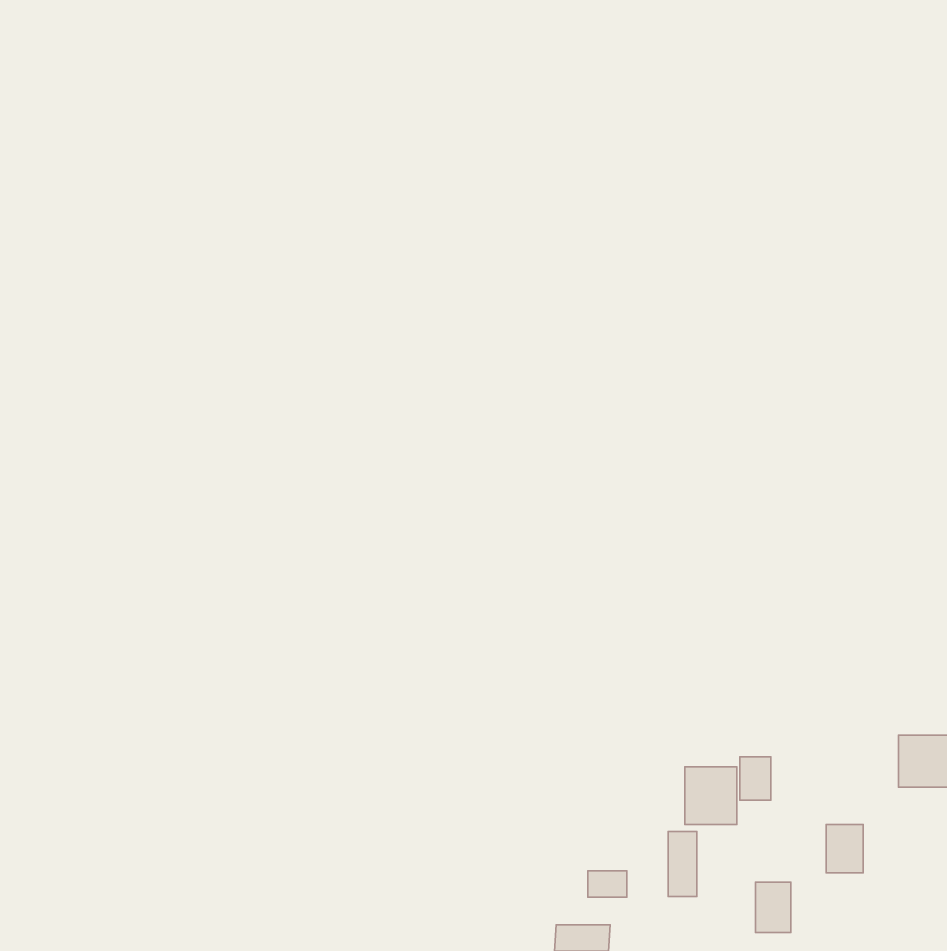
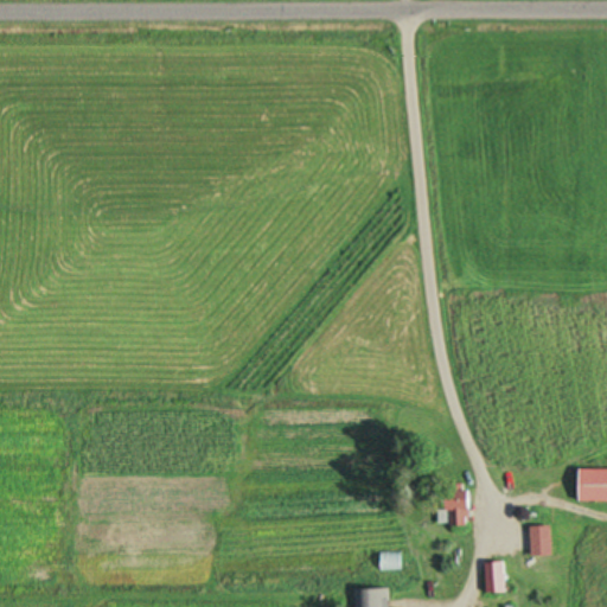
building: [740,757,771,800] -> none
building: [668,832,697,896] -> none

